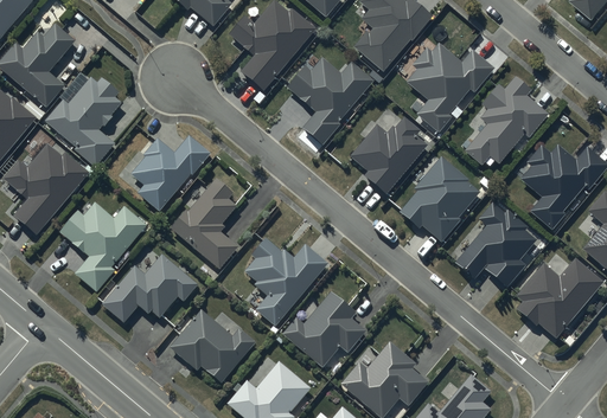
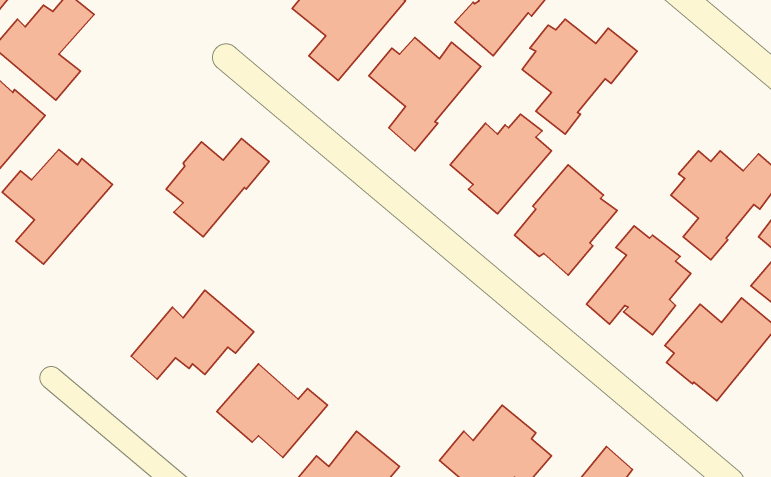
building: [45,76,121,165] -> none
building: [465,76,549,165] -> none
building: [170,175,237,268] -> none
building: [59,202,147,291] -> none
building: [244,237,327,326] -> none
building: [283,291,365,365] -> none

